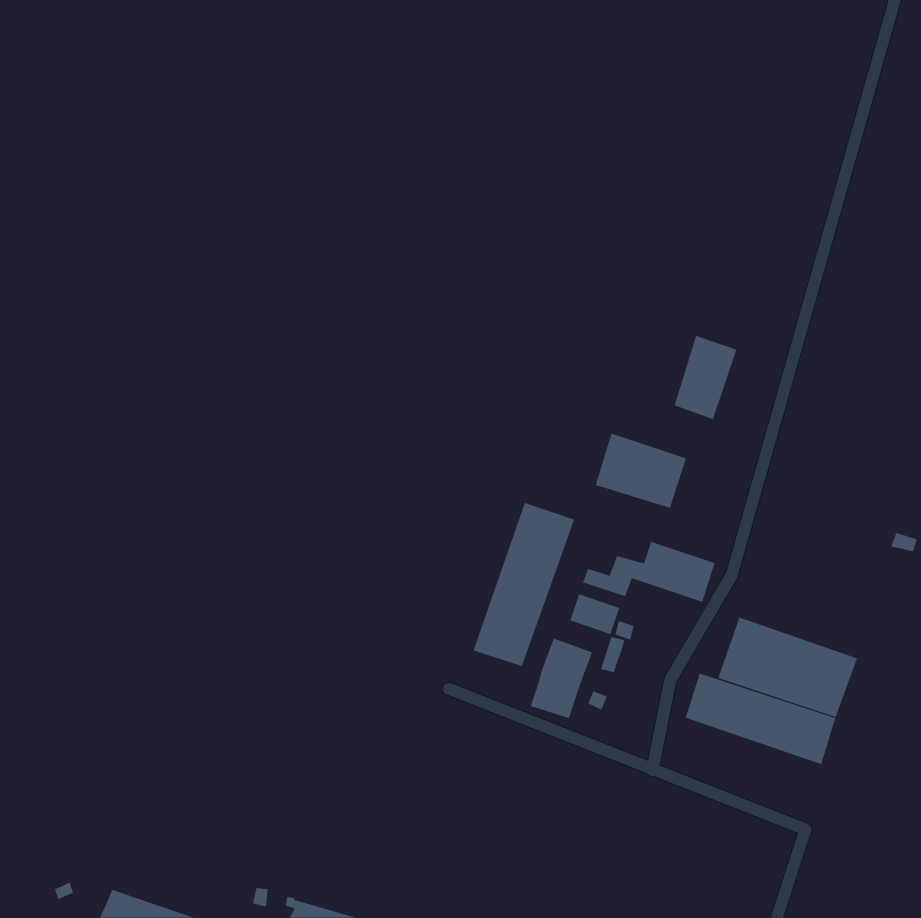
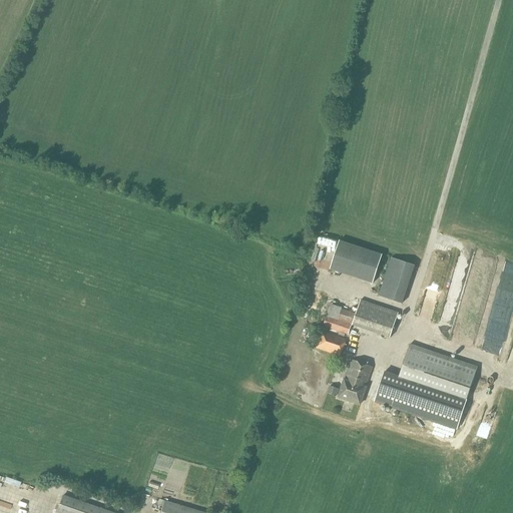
building: [674,335,737,420] -> [380,255,415,303]
building: [473,502,575,667] -> none
building: [530,638,593,719] -> [338,358,373,403]

